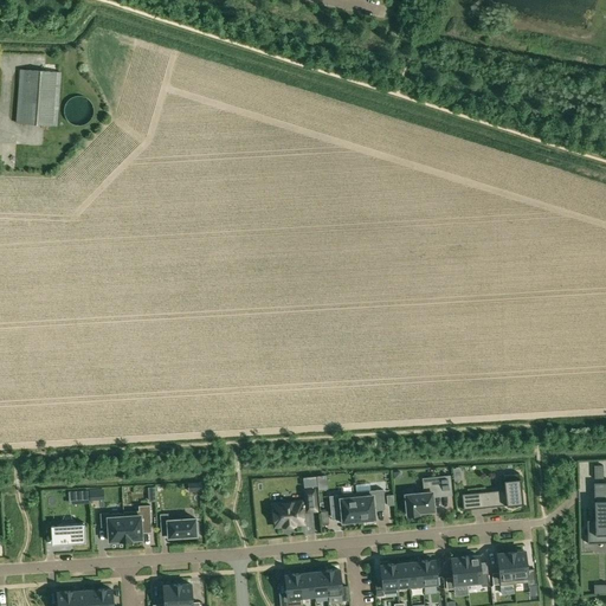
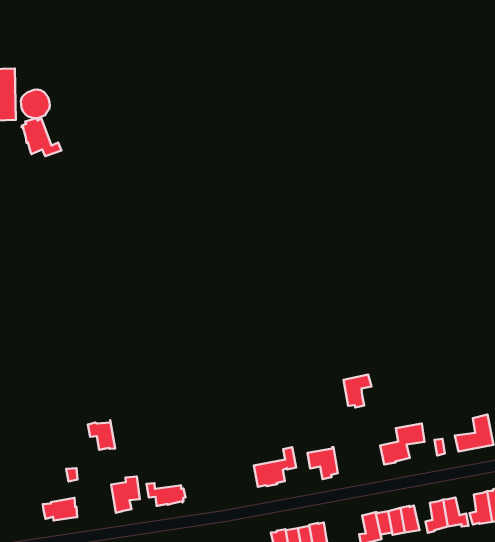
building: none -> [21,118,62,156]
building: [356,489,385,522] -> [344,374,372,407]
building: [99,511,125,541] -> [88,420,115,450]

